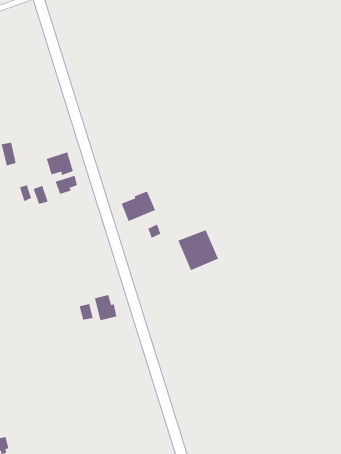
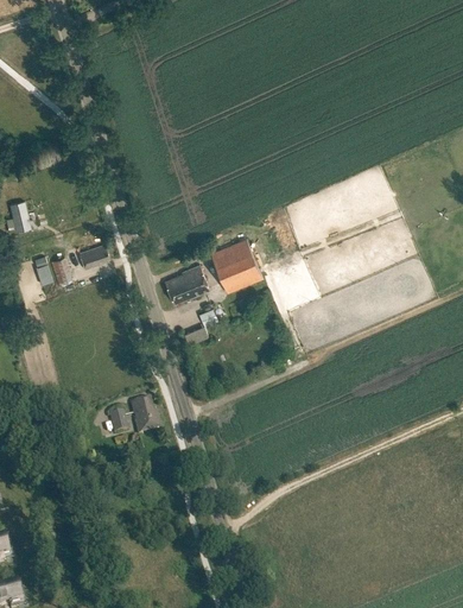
building: [46,152,74,176] -> none
building: [178,230,219,271] -> [210,238,264,291]

